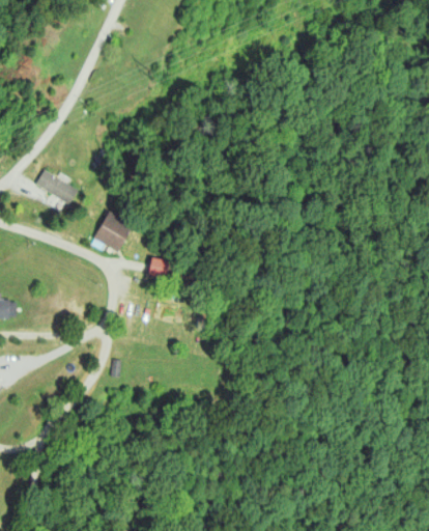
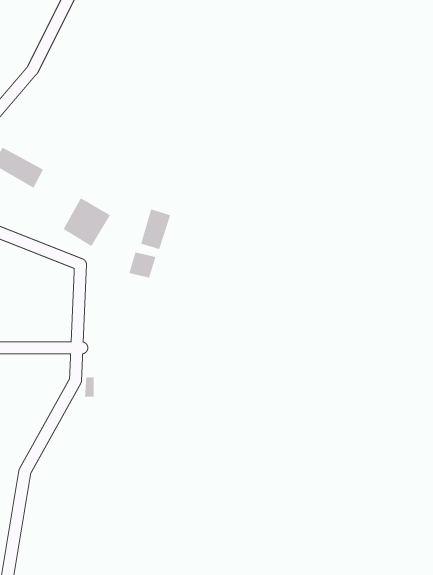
building: none -> [140,209,171,250]

